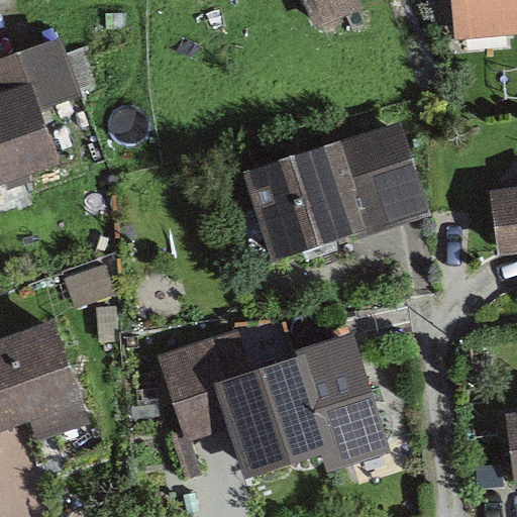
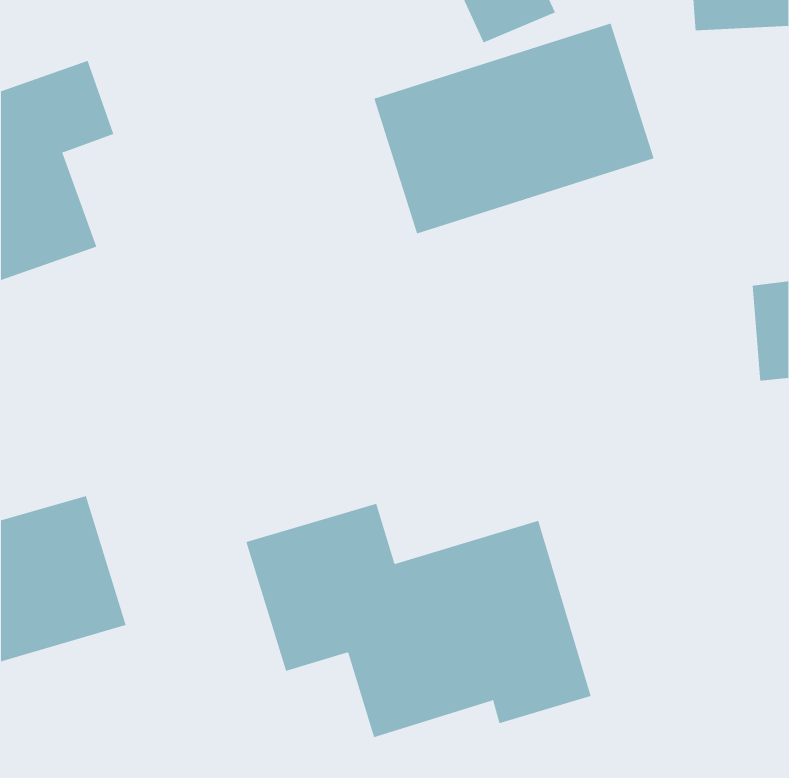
building: [244,121,428,260] -> [373,23,654,234]

